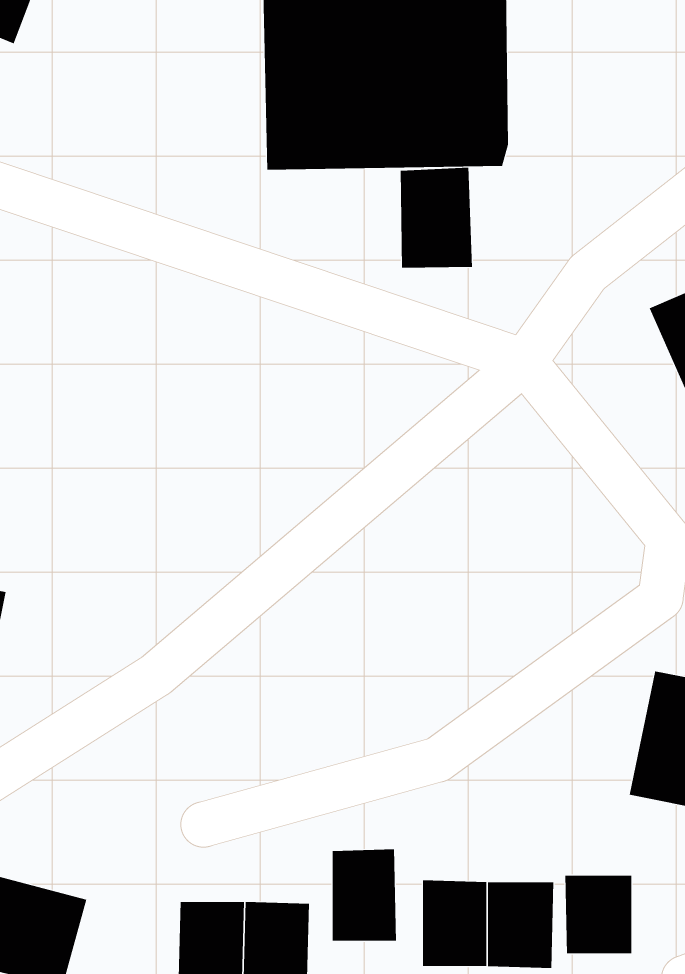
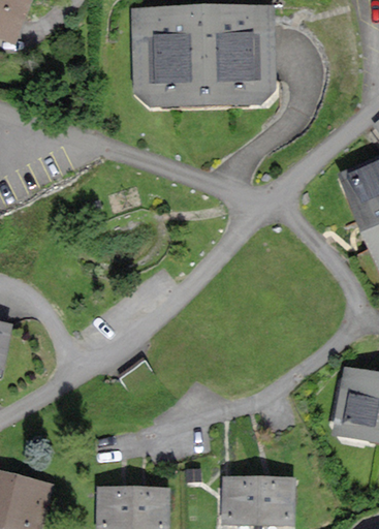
building: [400,167,473,268] -> none
building: [332,849,397,941] -> none
building: [565,875,632,954] -> none

